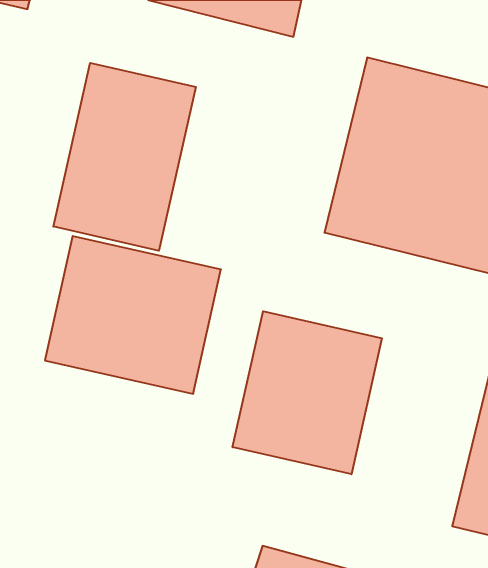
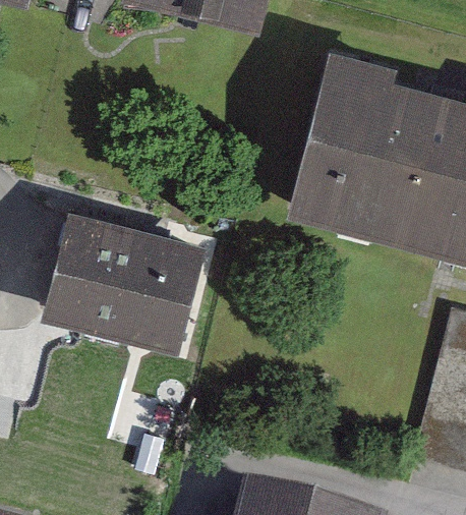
building: [53,63,196,251] -> none
building: [233,311,382,474] -> none

